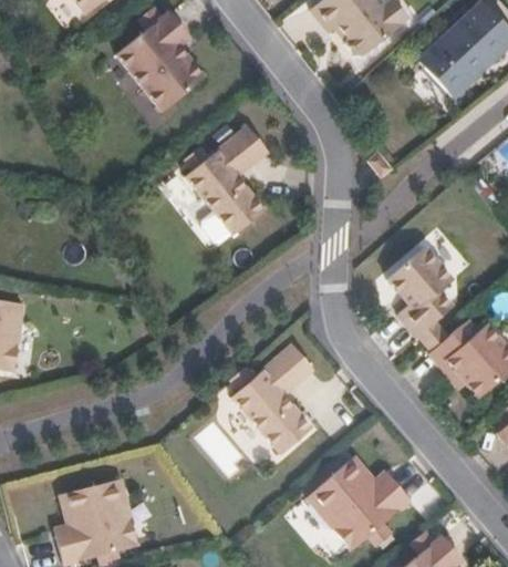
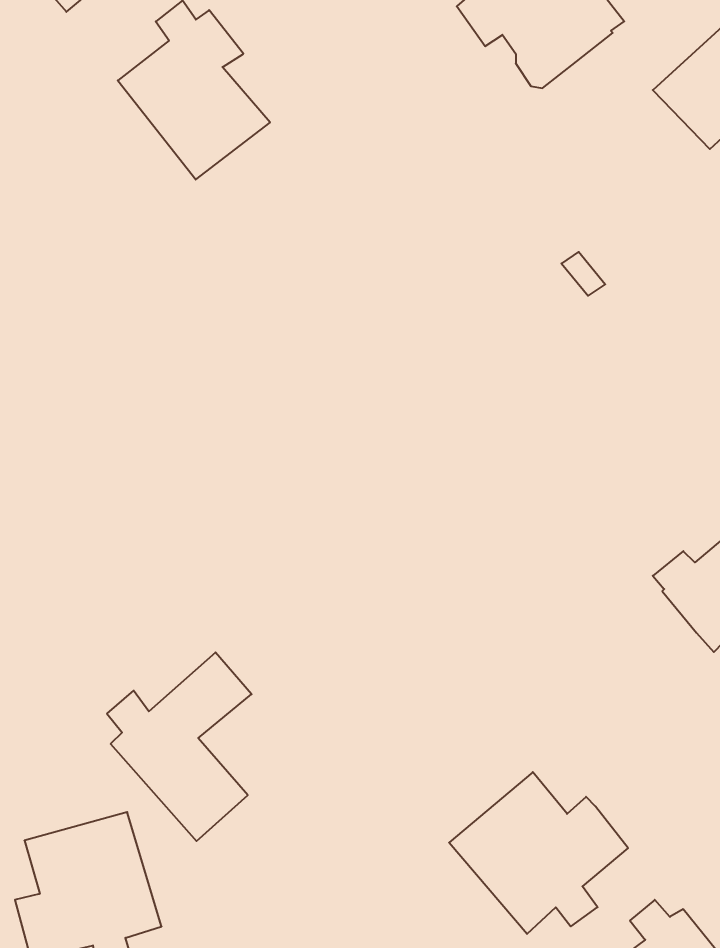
building: [184,124,267,234] -> none
building: [387,244,454,341] -> none
building: [229,343,313,453] -> [107,652,252,841]

